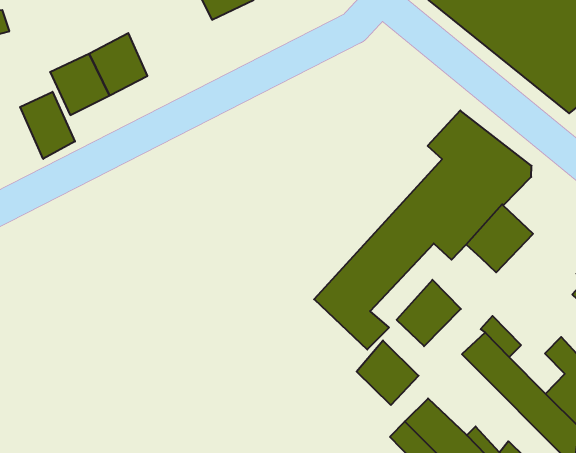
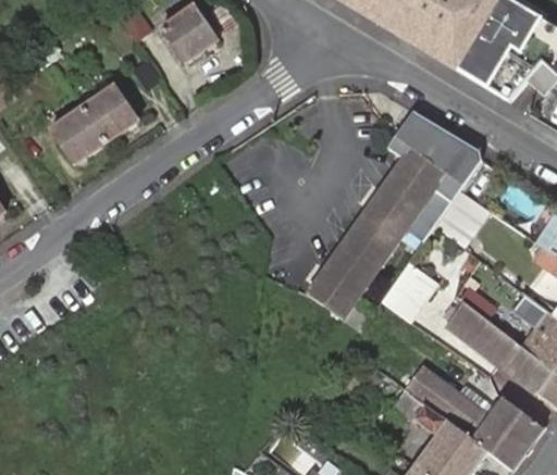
building: [20,92,75,159] -> none
building: [357,340,419,405] -> none

